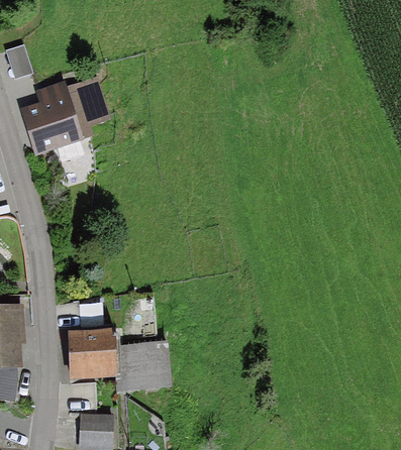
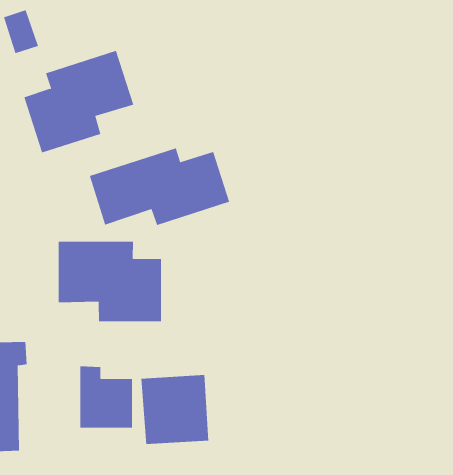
building: none -> [89,148,230,226]
building: none -> [58,241,162,322]

